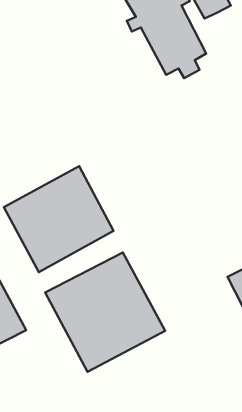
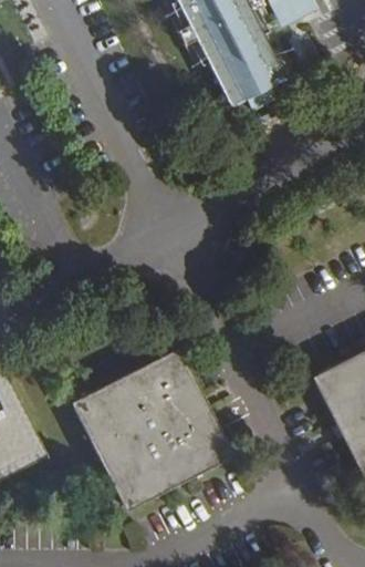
building: [4,166,114,272] -> none

